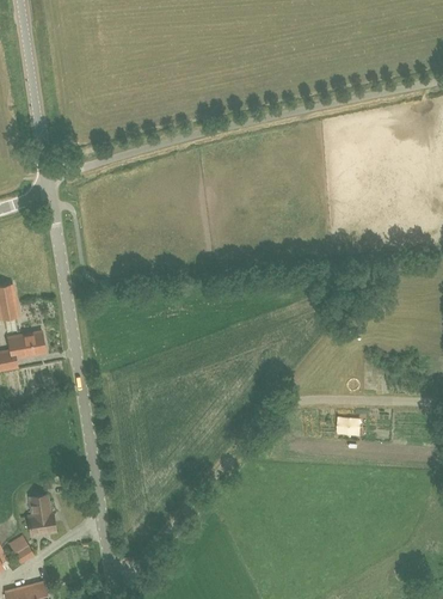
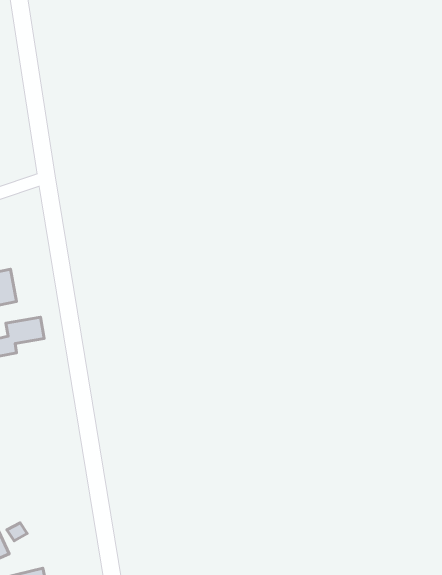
building: [26,494,55,536] -> none

